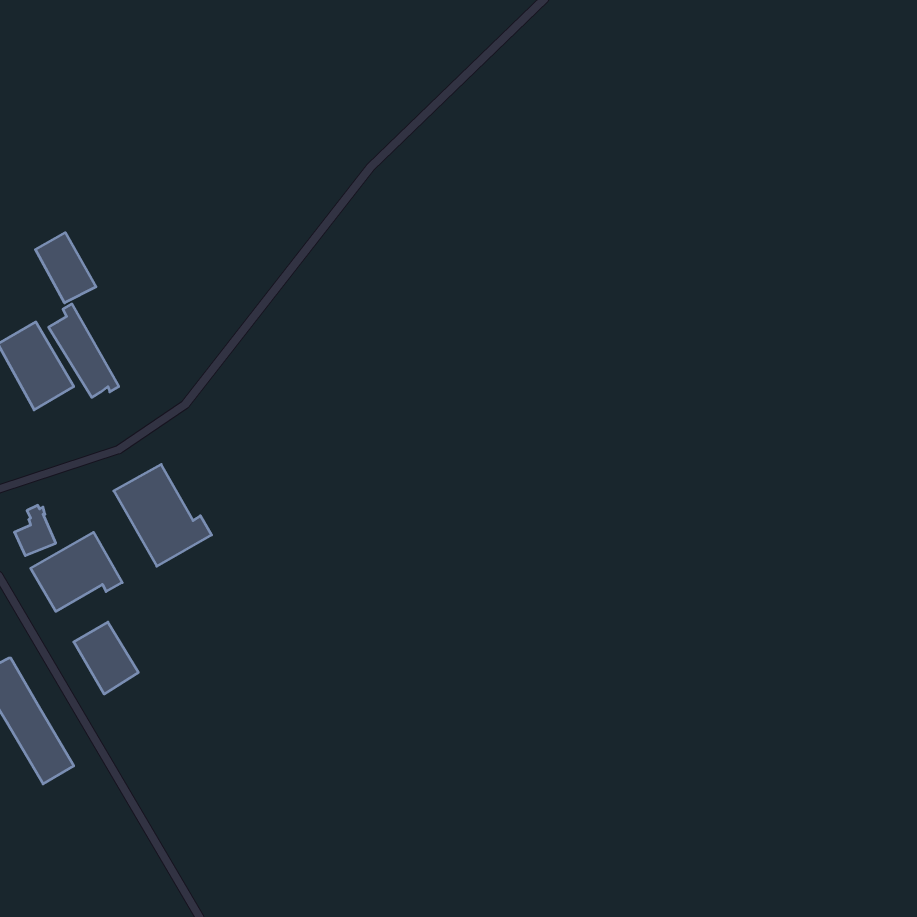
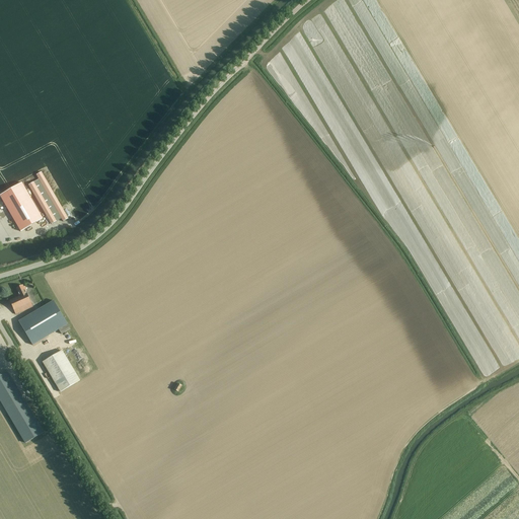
building: [35,233,96,303] -> none
building: [114,464,212,566] -> none

